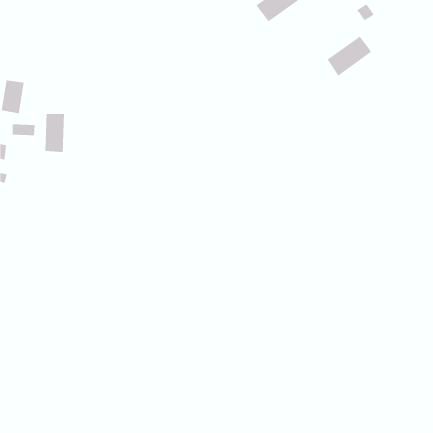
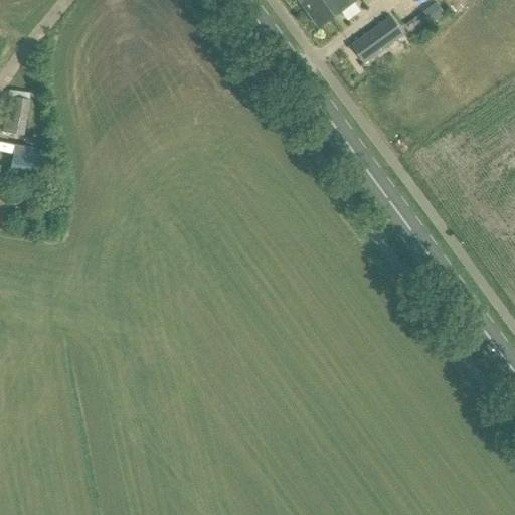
building: [327,36,372,77] -> [350,15,403,63]
building: [45,113,64,153] -> none

